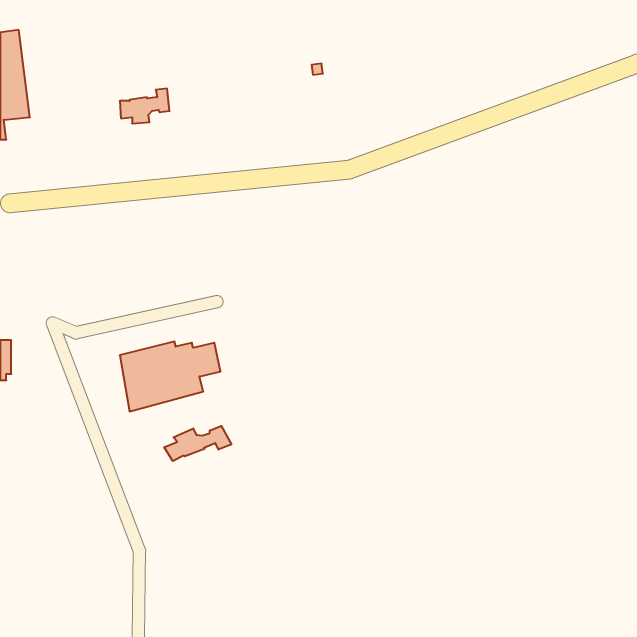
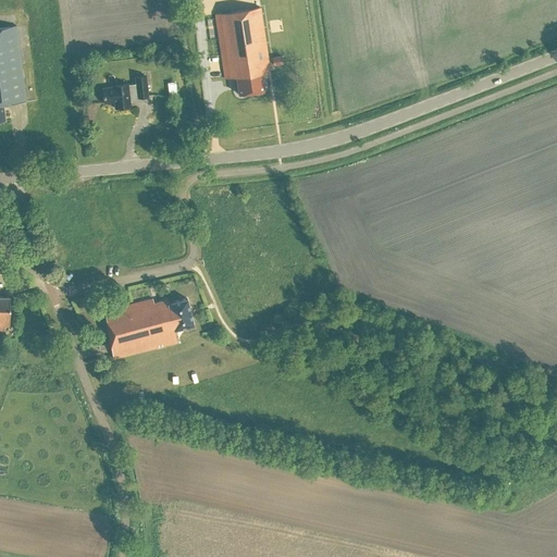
building: none -> [215,8,269,96]
building: [164,426,231,461] -> none

